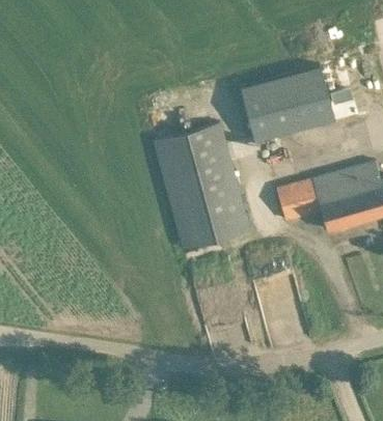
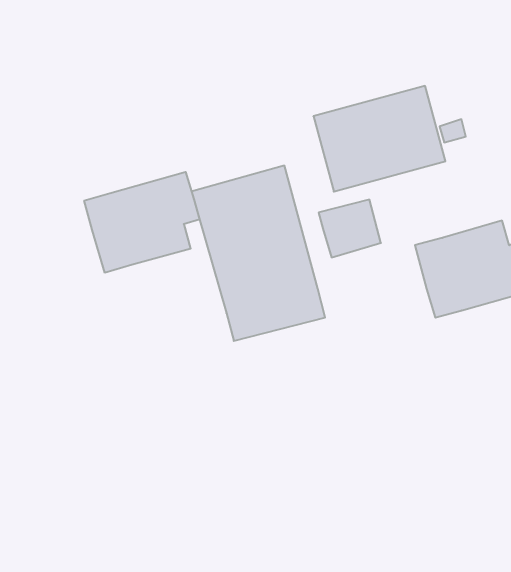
building: none -> [84,172,199,273]
building: [277,180,322,222] -> [319,200,381,257]

